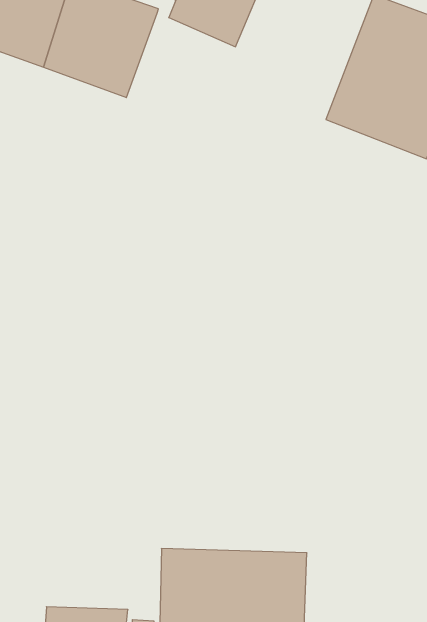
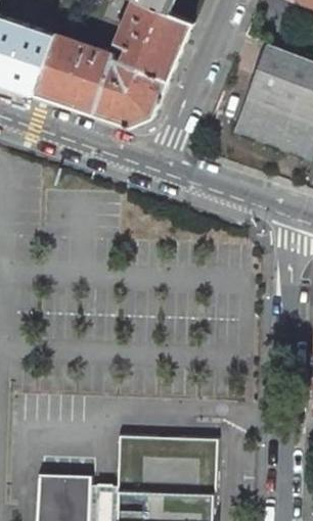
building: none -> [92,57,169,131]

